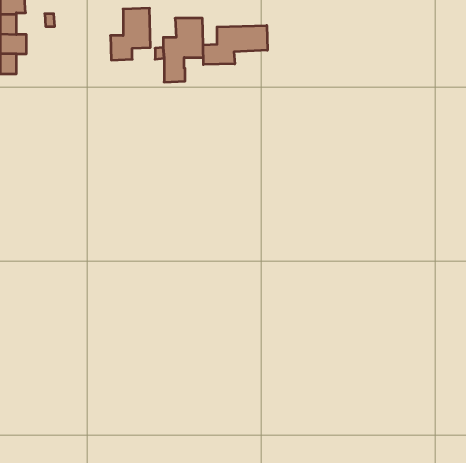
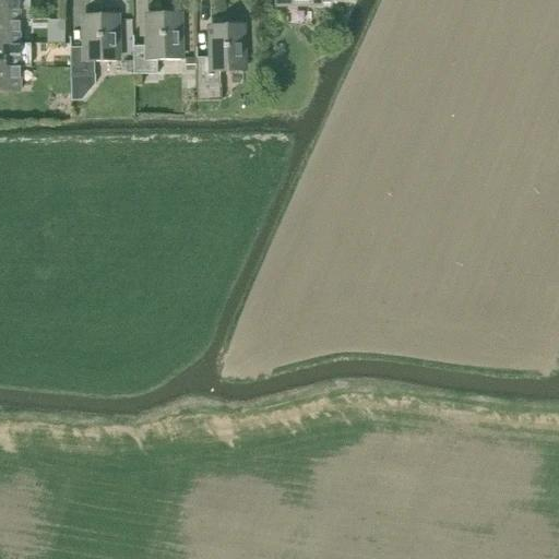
building: none -> [70,11,117,98]
building: [203,25,267,65] -> none

